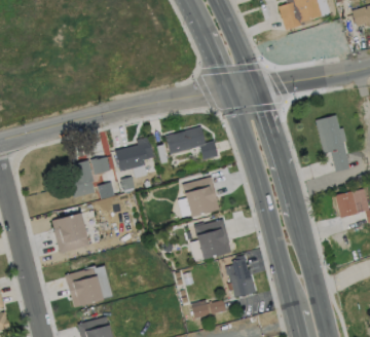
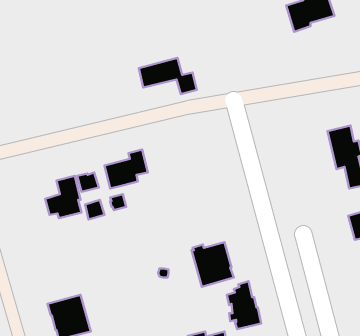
building: [165,127,218,160] -> [139,58,197,94]
building: [182,177,219,218] -> none
building: [51,213,88,254] -> none

